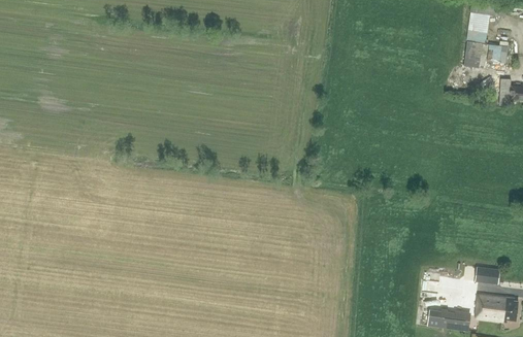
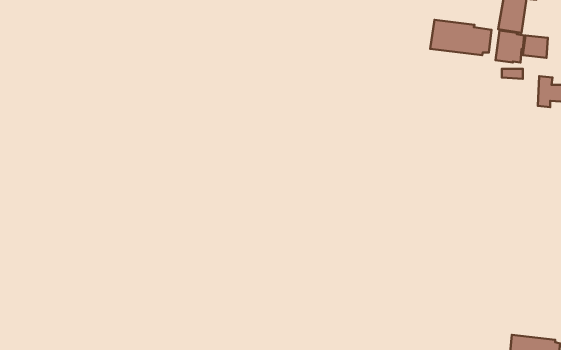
building: none -> [430,20,492,55]
building: [475,266,500,284] -> none

